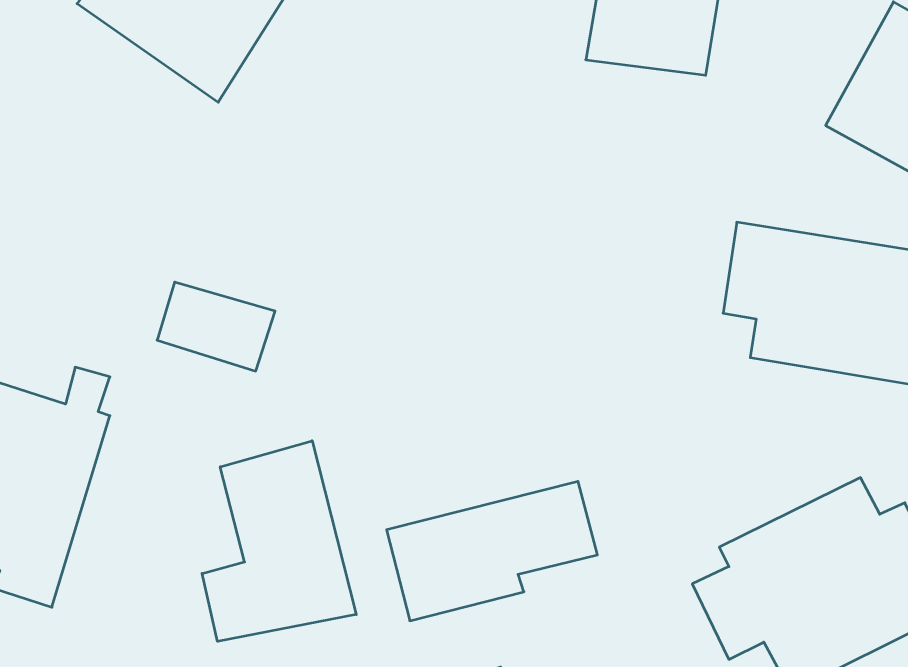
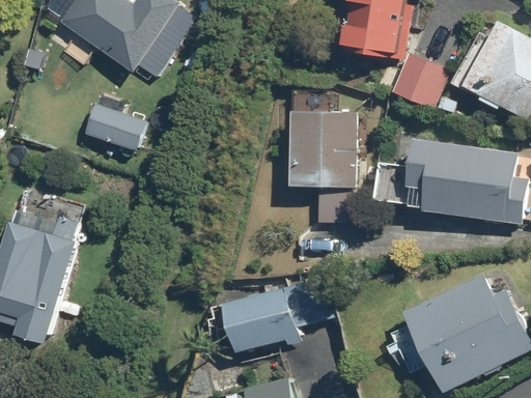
building: none -> [389,52,448,109]
building: none -> [289,112,354,223]
building: [157,282,275,371] -> [85,103,148,150]
building: [202,441,356,641] -> none

